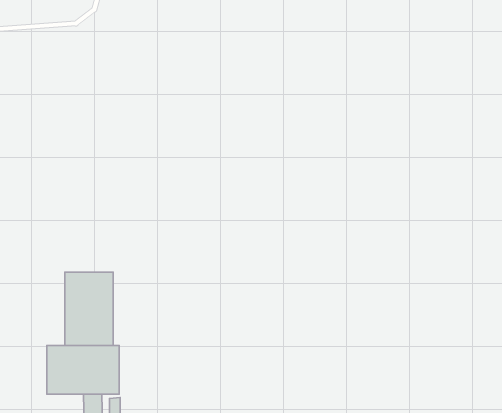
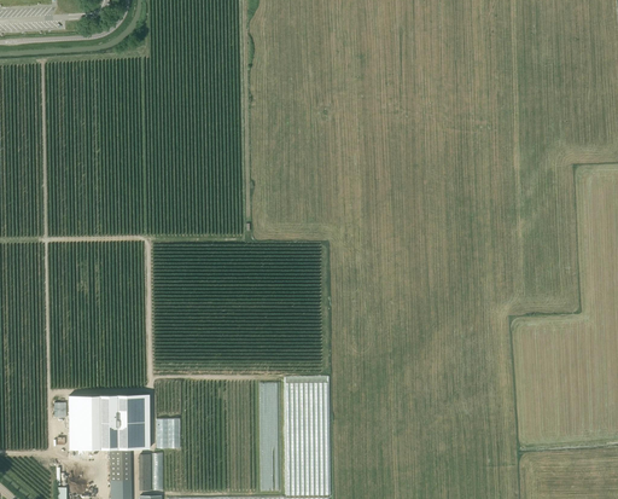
building: [65,272,113,346] -> none

